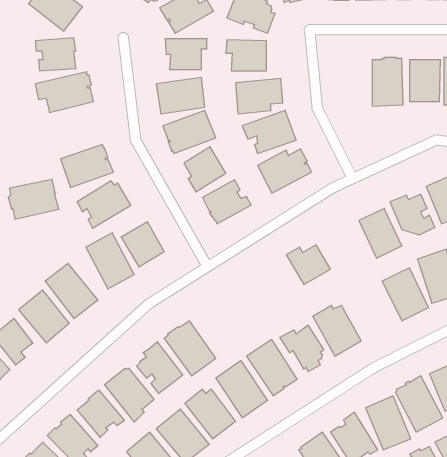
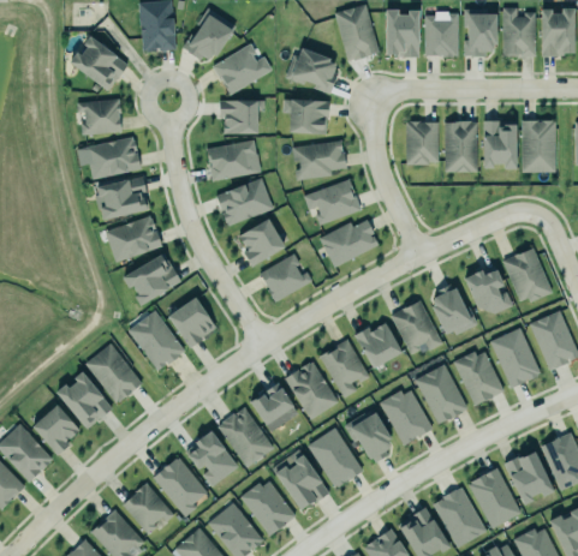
building: none -> [405,121,437,165]
building: [8,179,59,219] -> [94,177,149,220]
building: none -> [389,300,441,354]
building: none -> [321,341,370,399]
building: none -> [286,361,339,422]
building: none -> [415,364,467,423]
building: none -> [249,382,292,425]

